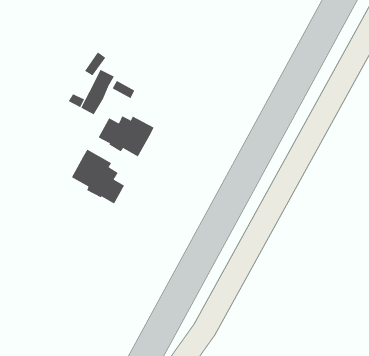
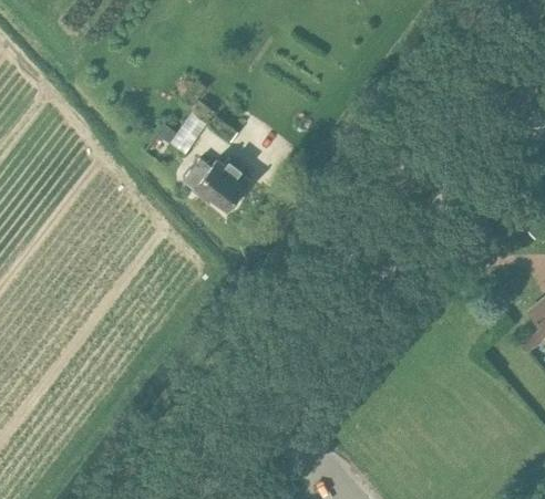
building: [71,149,125,205] -> none

